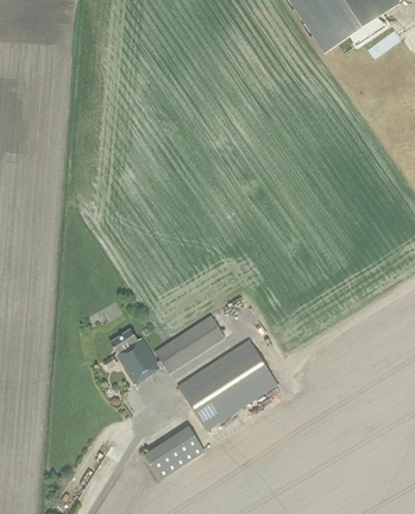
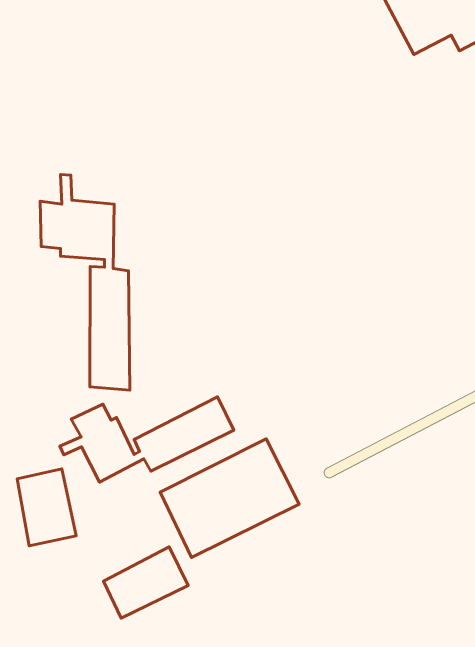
building: none -> [40,175,130,390]
building: none -> [17,469,76,546]

